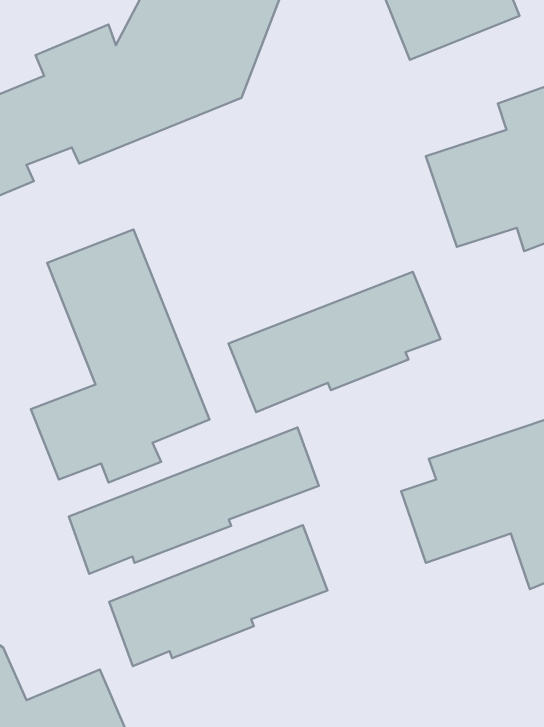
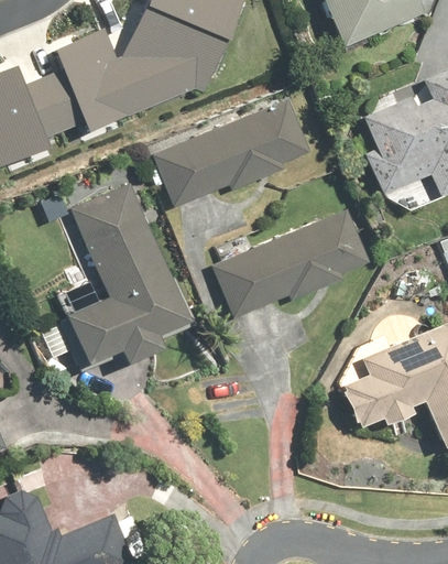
building: none -> [150,100,308,207]
building: [69,427,319,574] -> none
building: [109,525,328,666] -> none

